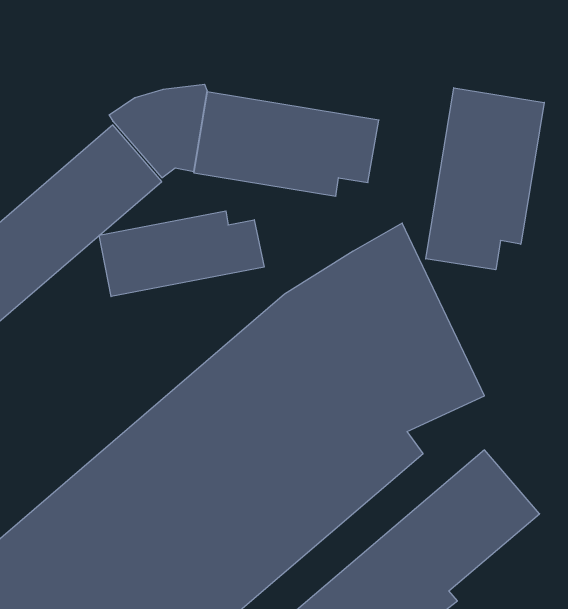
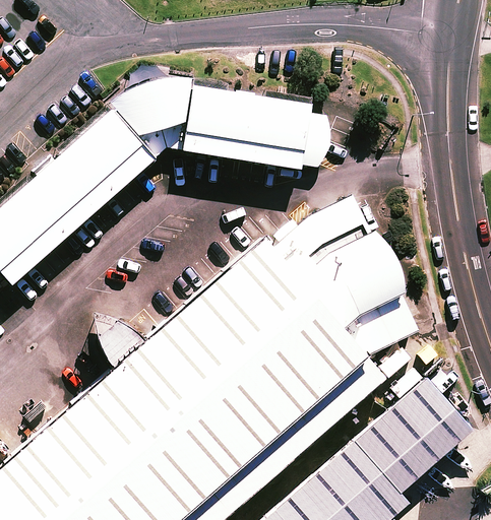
building: [426,88,544,270] -> none
building: [99,211,264,297] -> none

